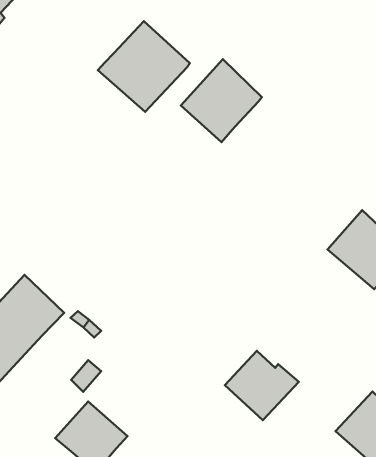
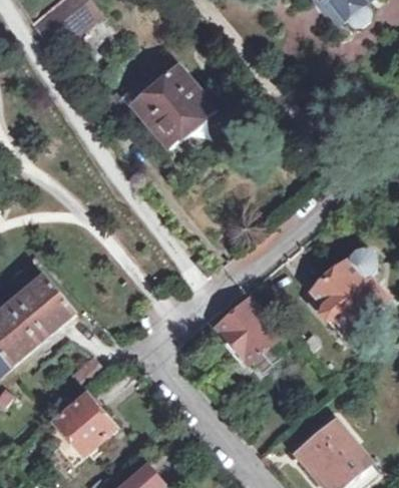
building: [181,59,262,142] -> none
building: [225,351,299,420] -> [218,302,283,363]

